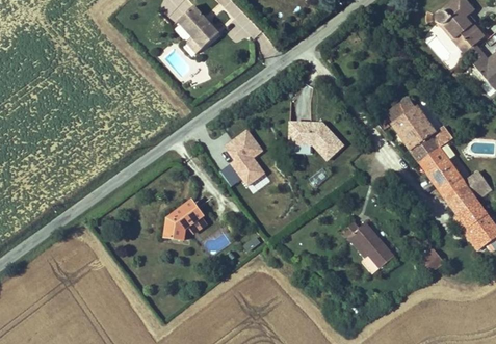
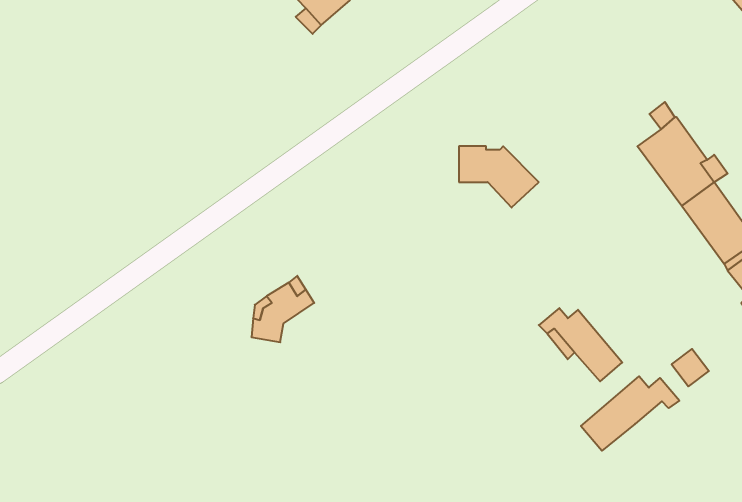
building: [223,125,268,183] -> none
building: none -> [581,376,679,451]

